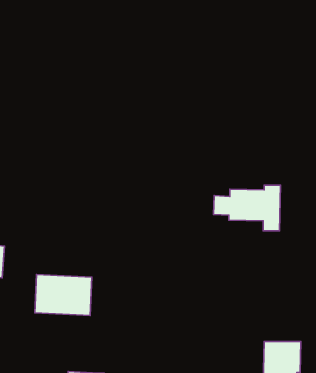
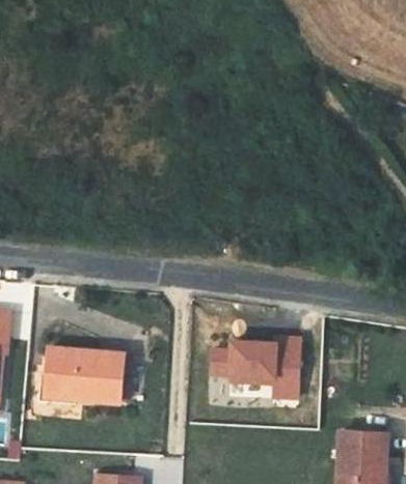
building: [213,185,280,231] -> [212,340,297,398]

